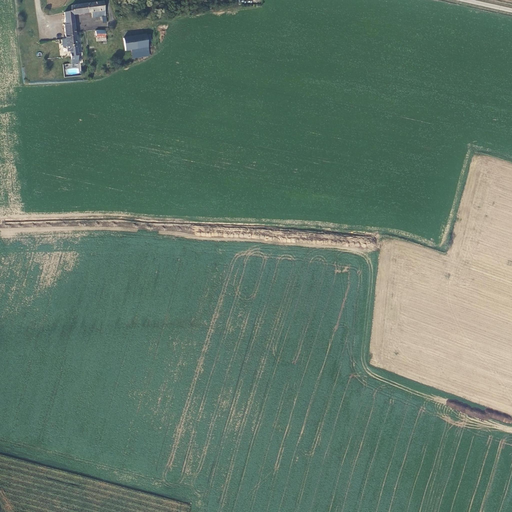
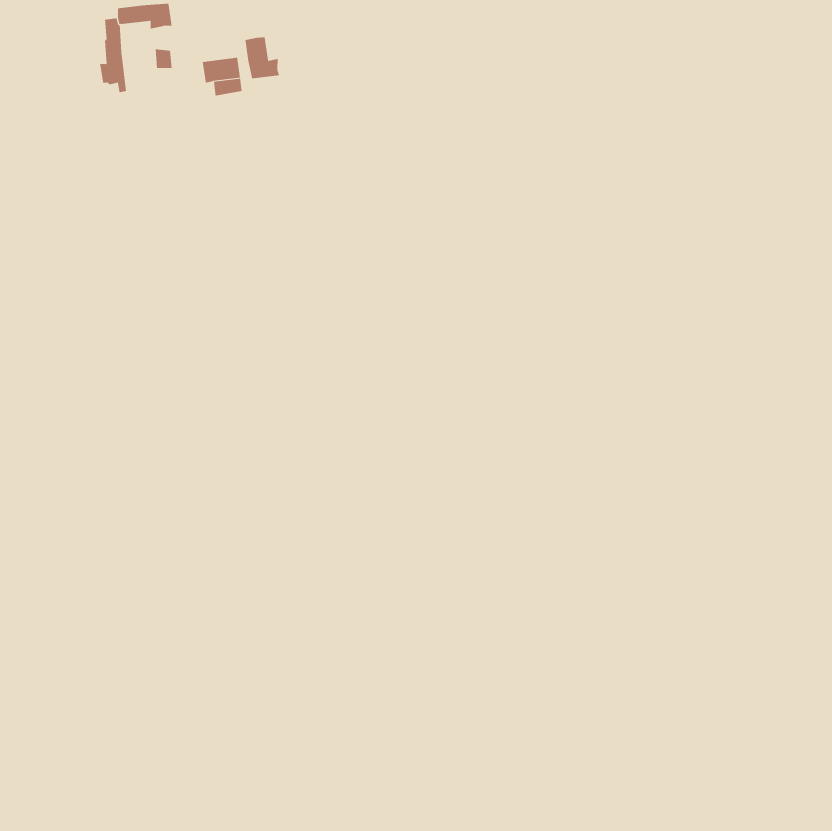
building: none -> [245,37,280,79]

